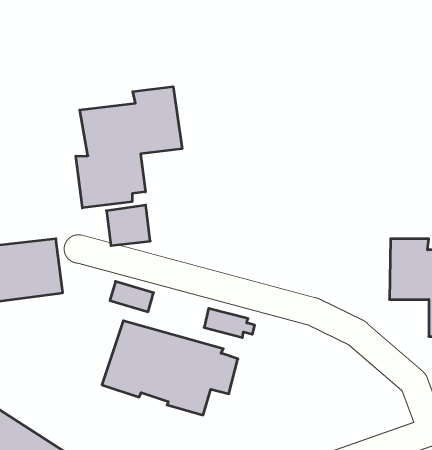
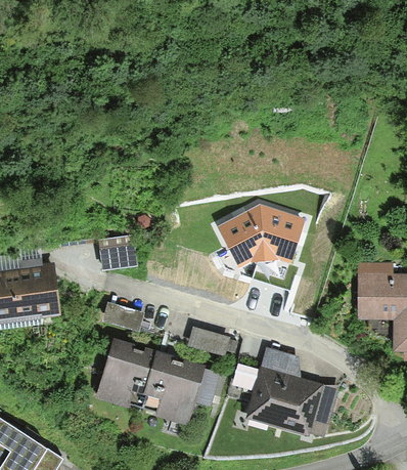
building: [76,87,182,208] -> none
building: none -> [217,205,304,266]
building: none -> [246,346,340,436]

